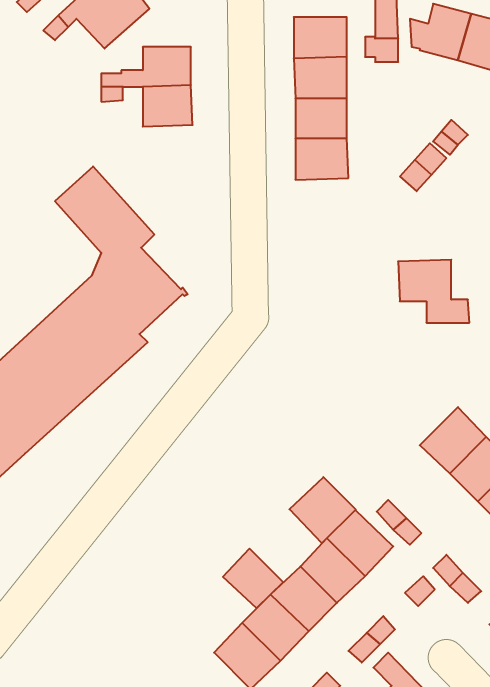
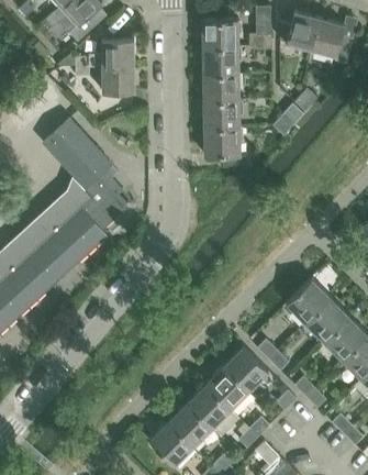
building: [398,260,469,323] -> [203,128,250,169]
building: [289,477,356,543] -> none
building: [223,549,283,608] -> none

